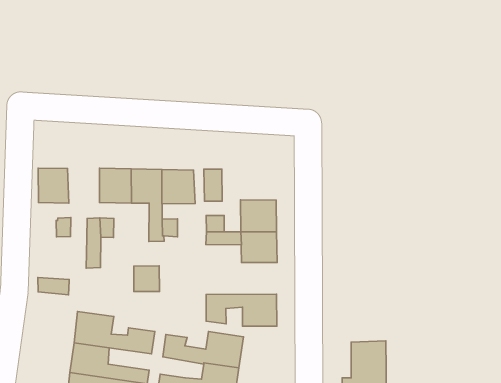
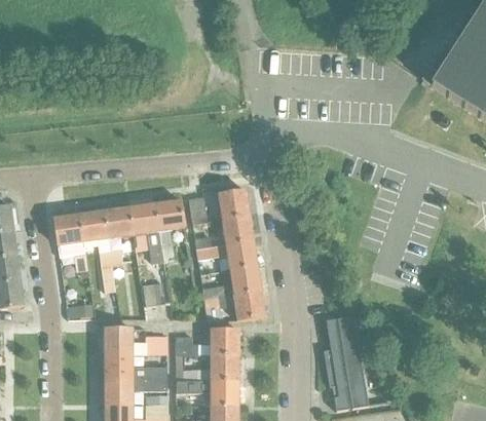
building: none -> [77,210,107,242]
building: none -> [217,191,249,220]
building: none -> [201,266,260,300]

